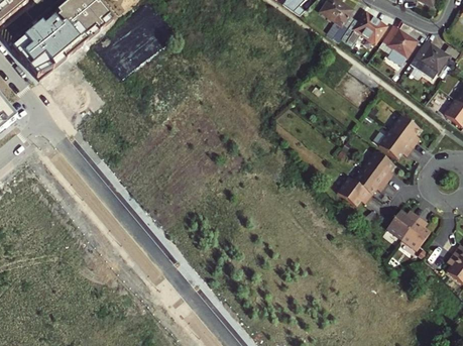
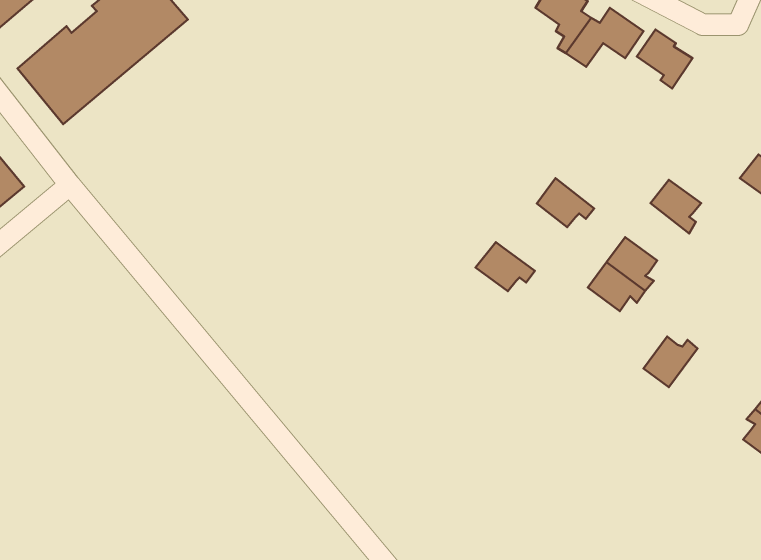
building: [411,39,447,72] -> none
building: [378,129,413,158] -> [537,178,594,227]
building: [336,177,371,206] -> [476,242,535,291]
building: [400,216,430,250] -> none

